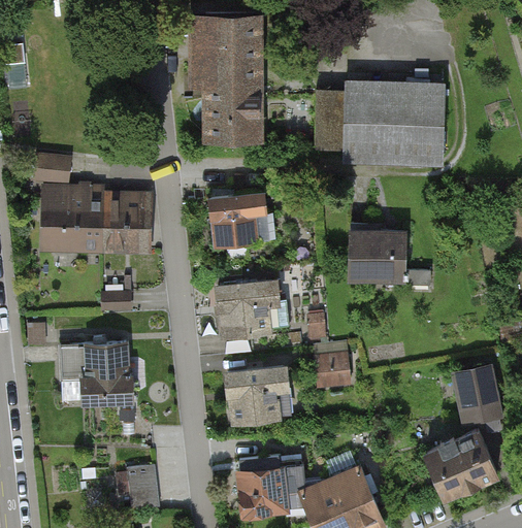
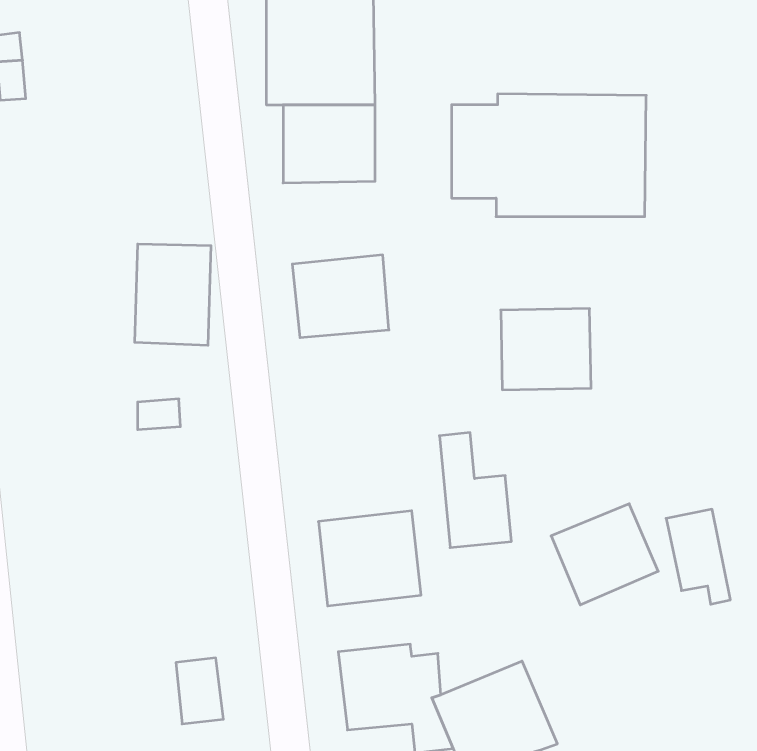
building: [29,154,102,251] -> none
building: [213,275,289,340] -> none
building: [59,340,133,403] -> none
building: [426,428,498,496] -> [551,504,658,605]

